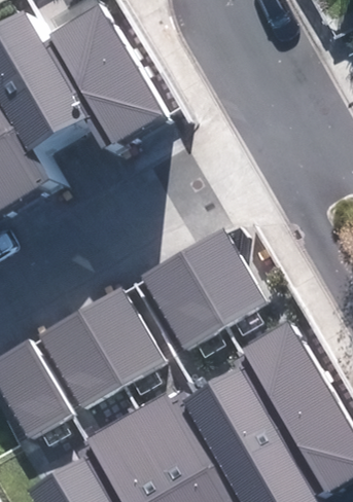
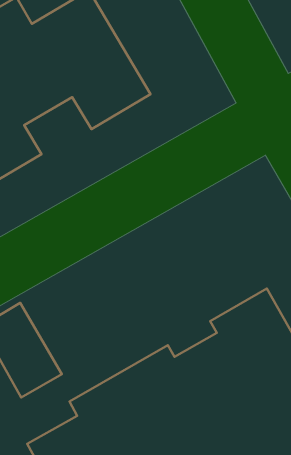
building: [142,227,268,349] -> none
building: [40,286,165,407] -> none

